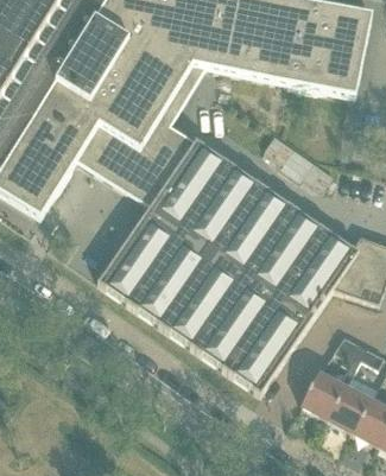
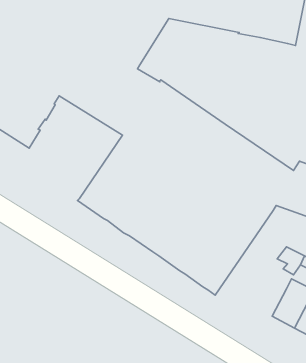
building: [300,370,343,415] -> none

